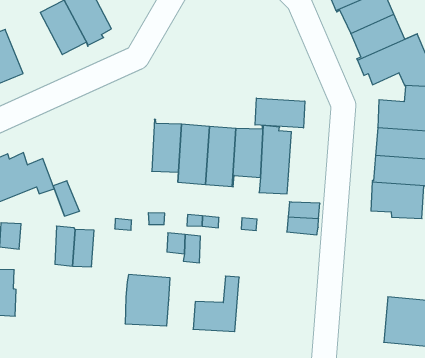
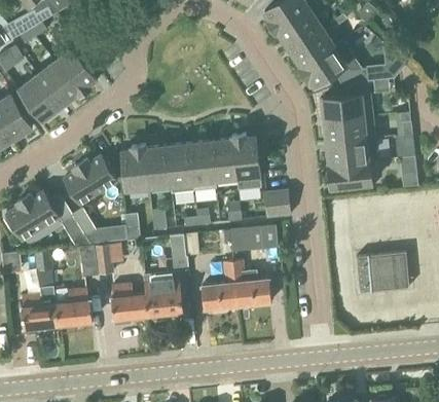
building: none -> [17,76,60,120]
building: [255,98,305,128] -> none
building: none -> [120,146,148,190]
building: none -> [63,155,116,205]
building: none -> [229,224,280,267]
building: none -> [56,288,93,324]
building: none -> [233,261,271,305]
building: none -> [111,283,148,319]

